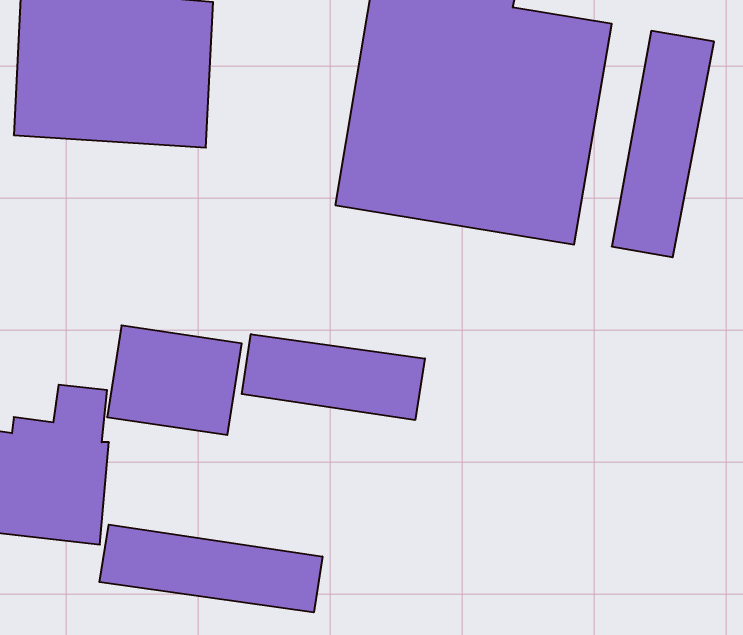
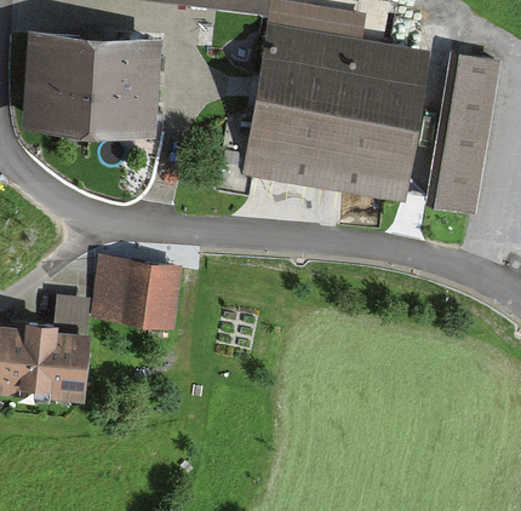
building: [242,334,425,420] -> none
building: [99,525,322,612] -> none

